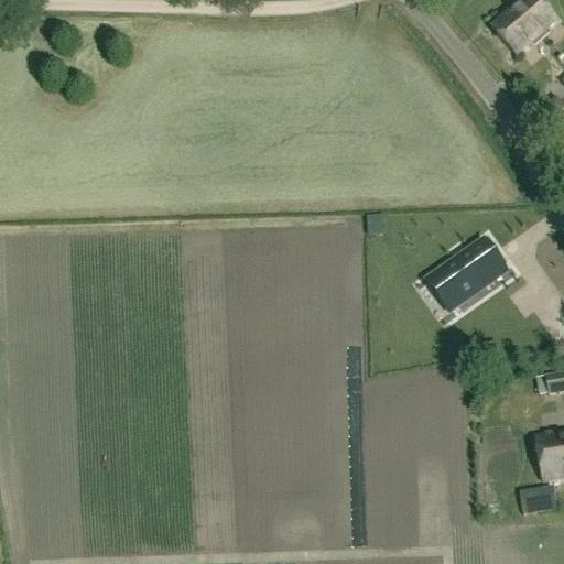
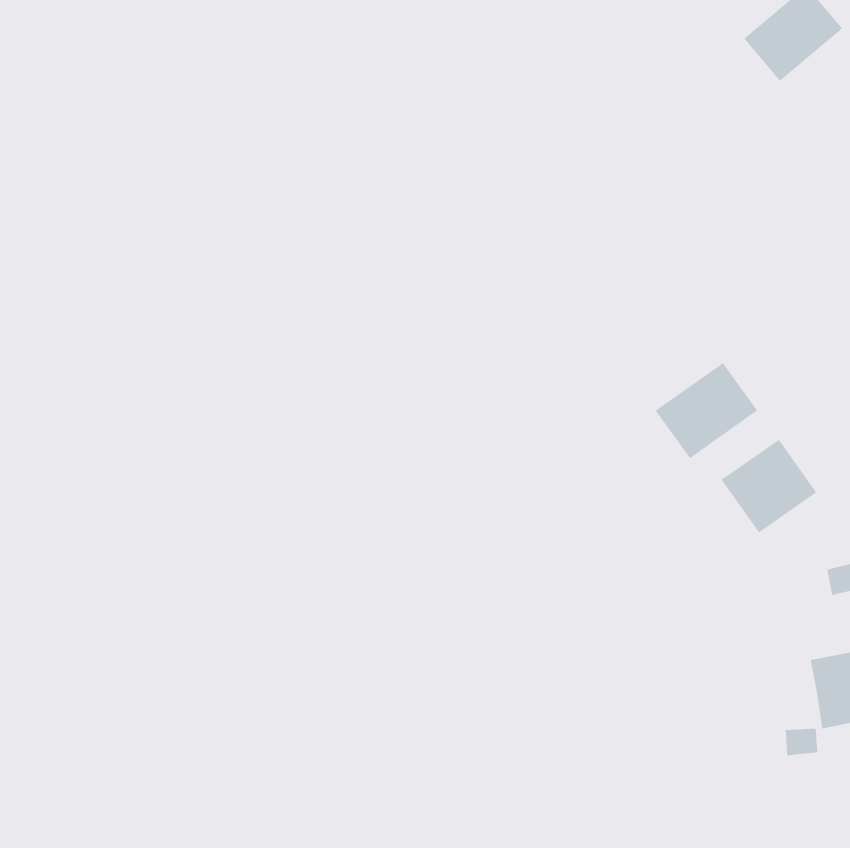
building: none -> [721,439,817,533]

